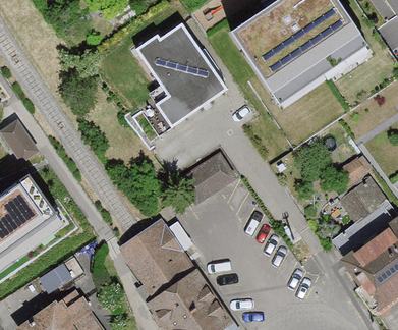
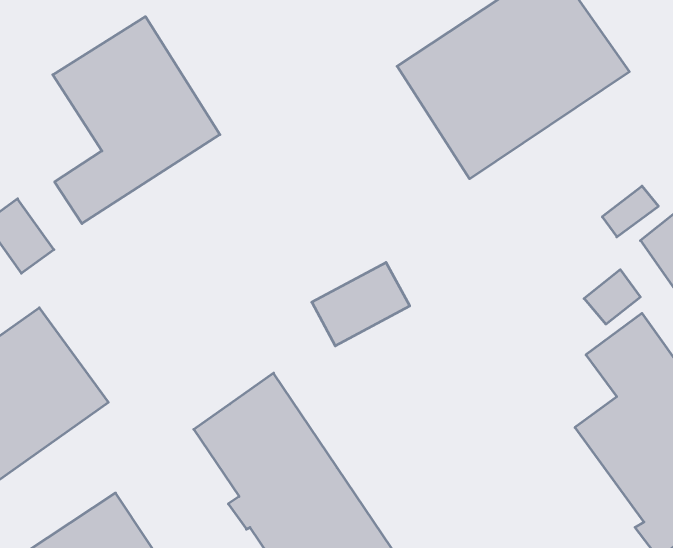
building: [136,20,230,136] -> [53,17,220,224]

